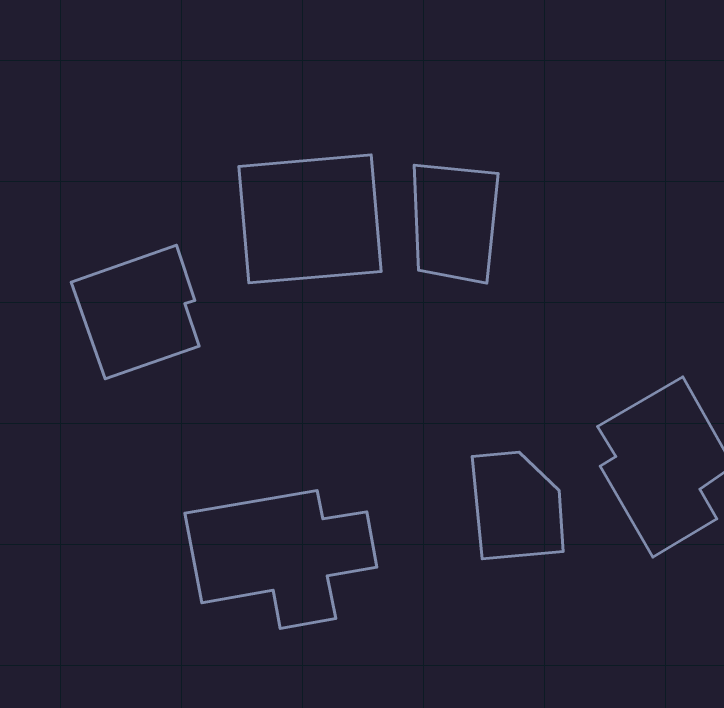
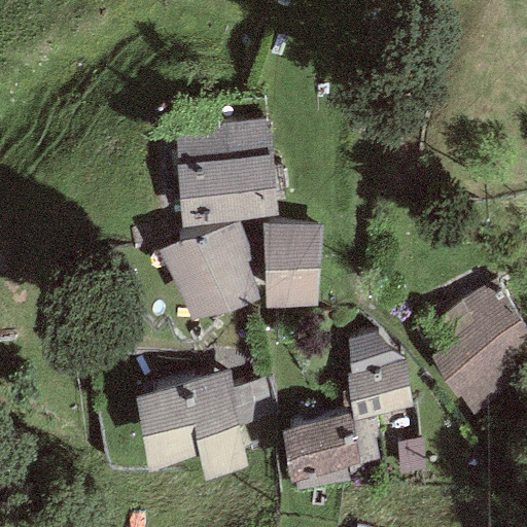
building: [414,165,498,283] -> [264,221,324,307]
building: [71,245,199,379] -> [162,219,254,316]
building: none -> [284,414,360,475]

